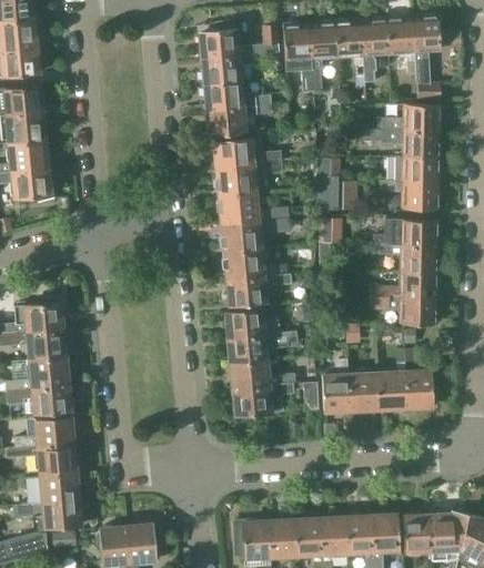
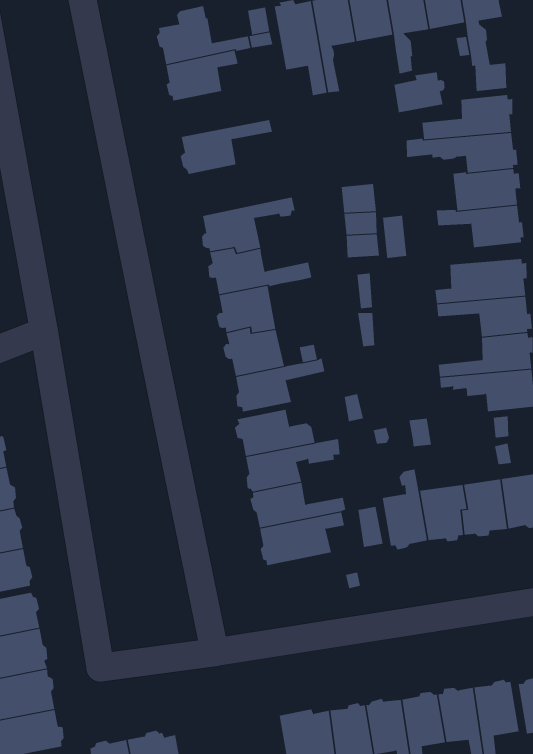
building: [203,82,271,111] -> none
building: none -> [394,71,445,113]
building: [212,138,281,168] -> none

